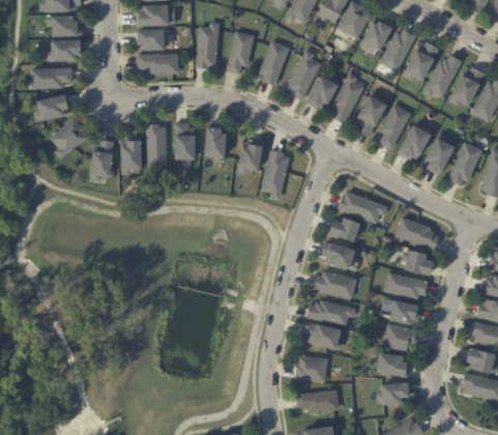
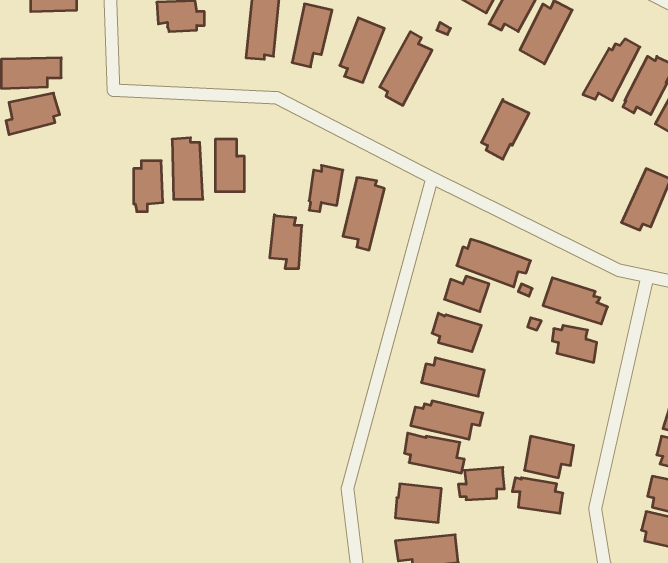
building: [47,40,82,62] -> none
building: [403,42,438,82] -> none
building: [137,54,177,75] -> none
building: [332,74,363,123] -> none
building: [306,77,340,110] -> none
building: [380,105,411,149] -> none
building: [50,117,86,157] -> none
building: [203,124,225,161] -> [270,215,302,268]
building: [399,126,432,161] -> none
building: [424,135,453,176] -> none
building: [88,138,115,179] -> none
building: [385,271,428,298] -> none
building: [388,298,422,323] -> none
building: [377,381,408,403] -> [458,467,504,500]

